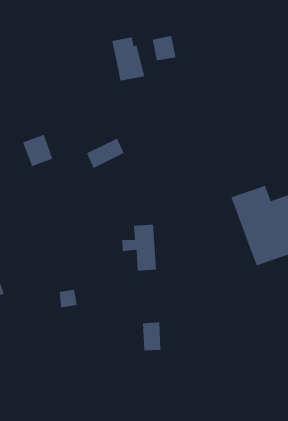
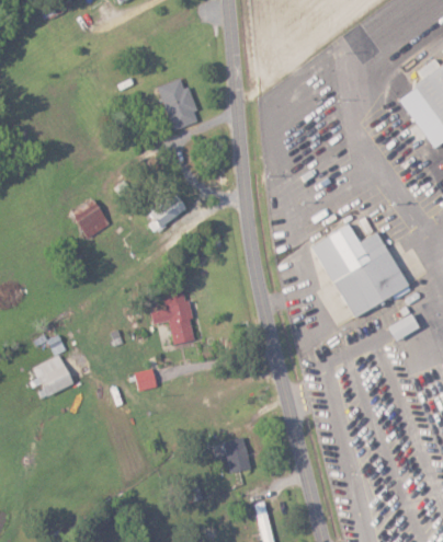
building: [152,35,176,61] -> none
building: [121,224,157,271] -> [151,290,195,345]
building: [142,322,161,351] -> [225,438,250,473]

